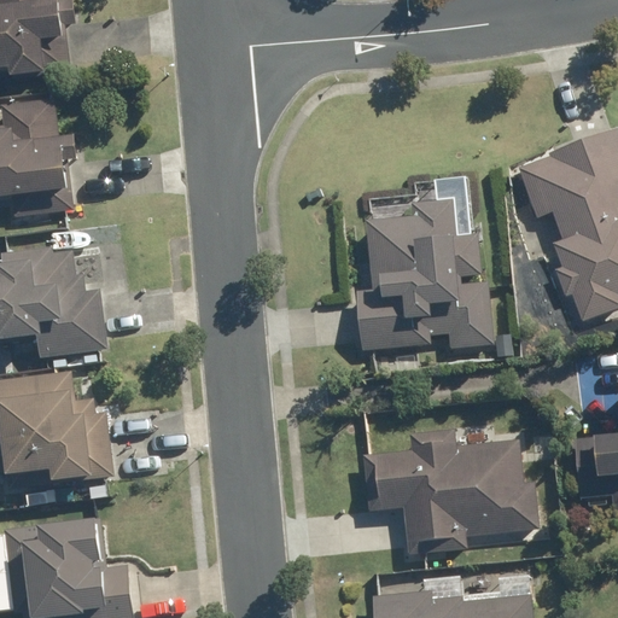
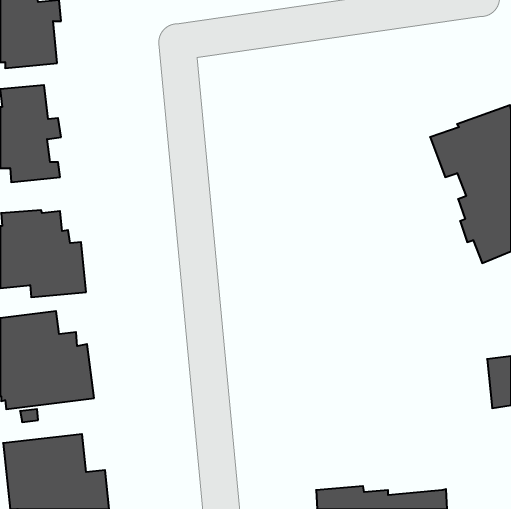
building: [367,196,500,345] -> none
building: [365,426,538,552] -> none

